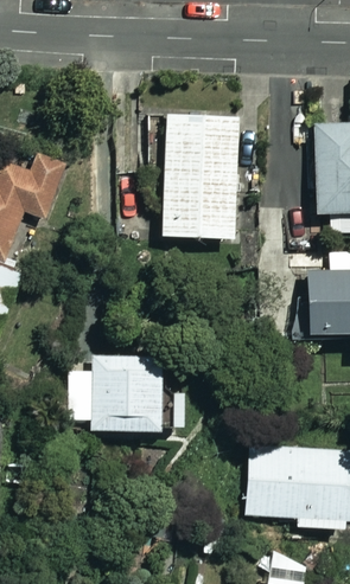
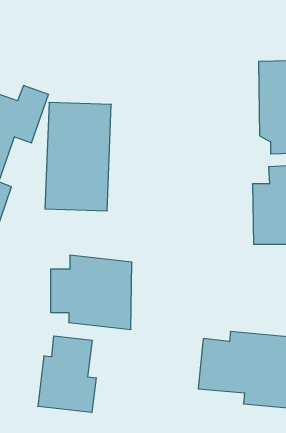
building: [161,114,240,242] -> [45,102,111,211]
building: none -> [38,336,96,413]

